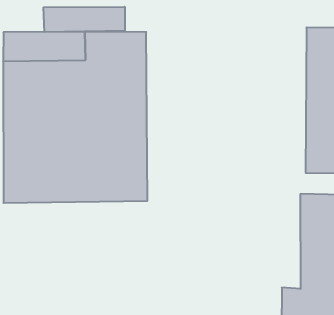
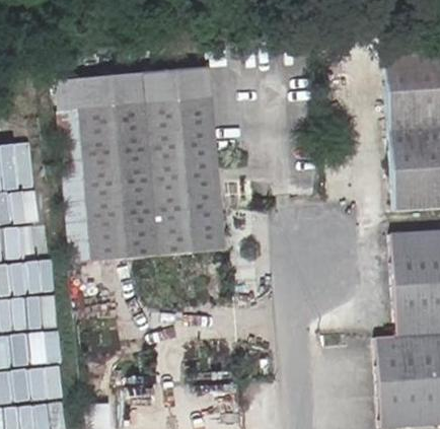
building: [44,7,125,32] -> none

